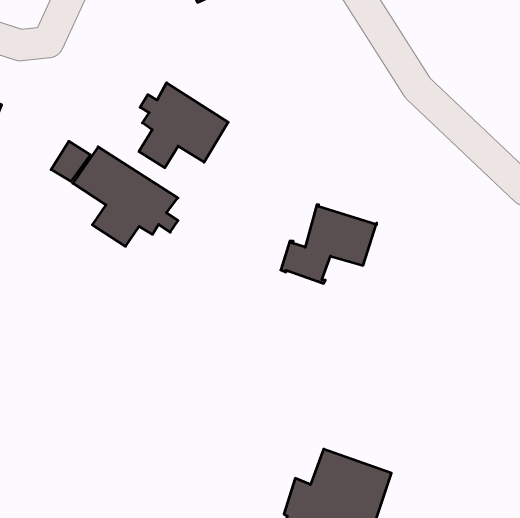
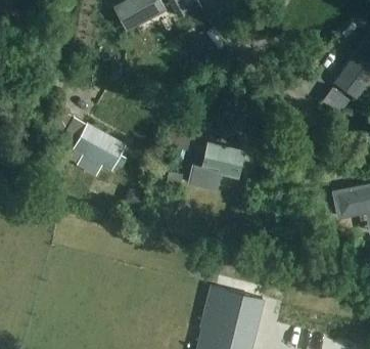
building: [139,83,228,168] -> none

